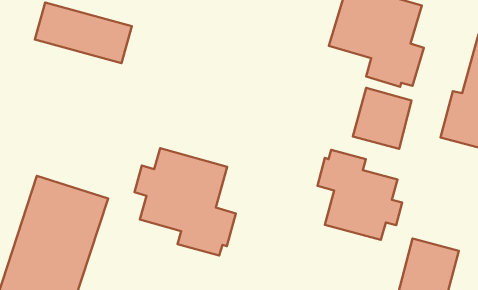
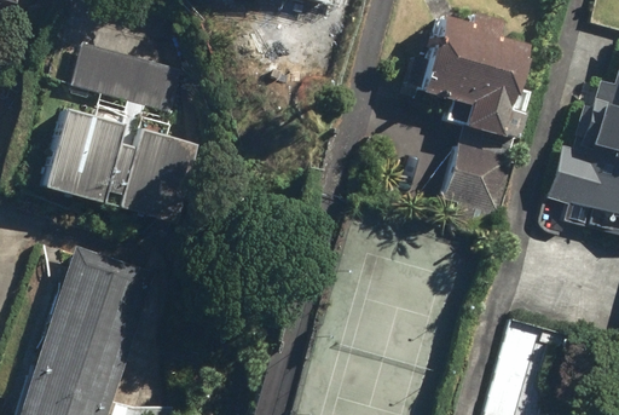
building: none -> [39,113,199,226]
building: [134,148,236,256] -> none
building: [318,150,402,240] -> none

